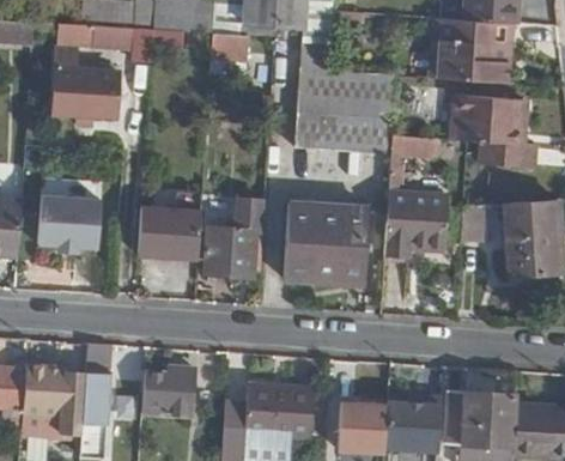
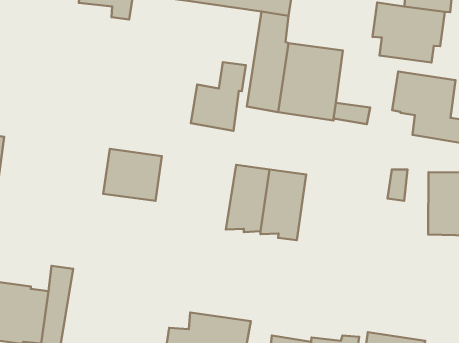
building: [51,49,120,119] -> none
building: [385,194,449,260] -> none
building: [54,198,120,249] -> none
building: [202,198,260,274] -> [191,62,246,131]
building: [140,366,193,417] -> none

